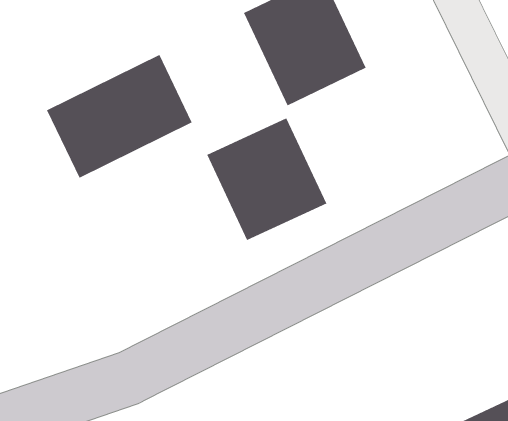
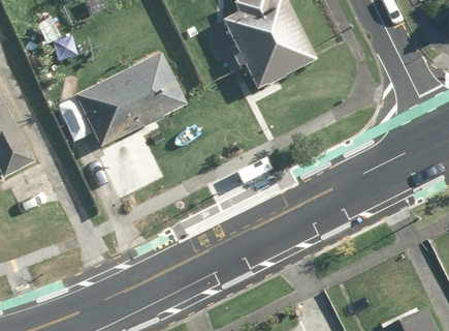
building: [206,117,327,241] -> none

